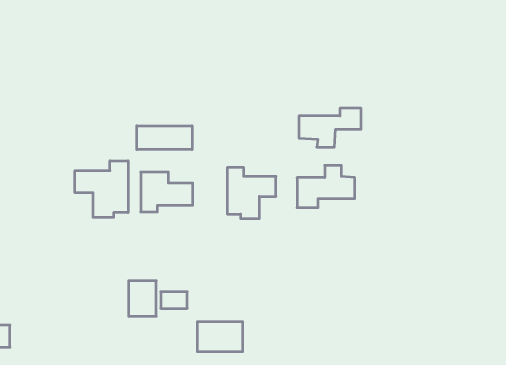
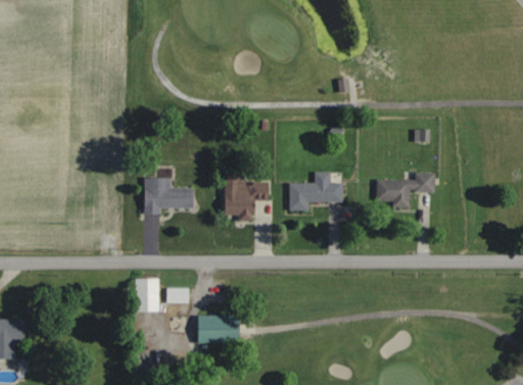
building: [299,108,361,147] -> [377,173,434,208]
building: [137,126,192,150] -> none
building: [75,161,128,217] -> none

